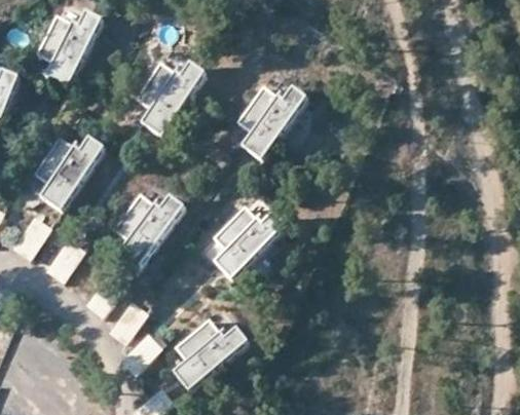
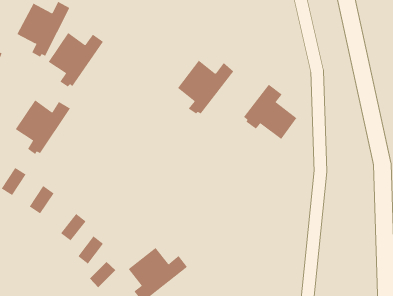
building: [135,62,205,130] -> [48,32,104,87]
building: none -> [243,84,297,140]
building: [112,194,183,262] -> none
building: [212,206,286,274] -> none

